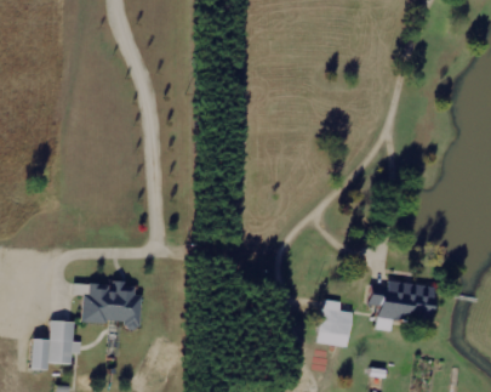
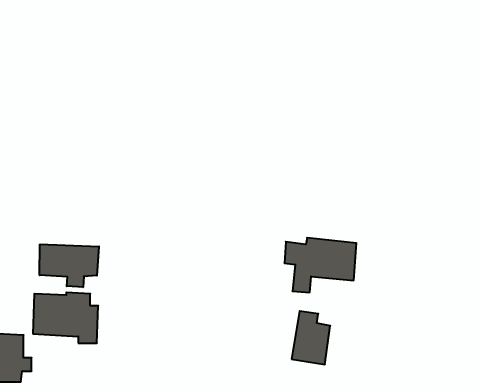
building: none -> [40,244,99,287]
building: [369,280,434,330] -> [284,238,356,292]

